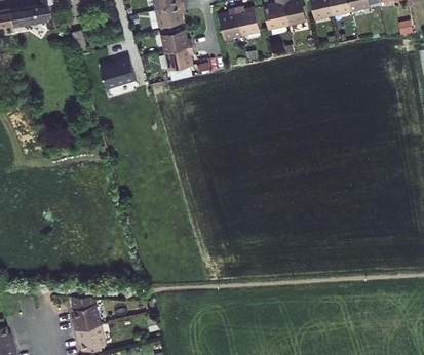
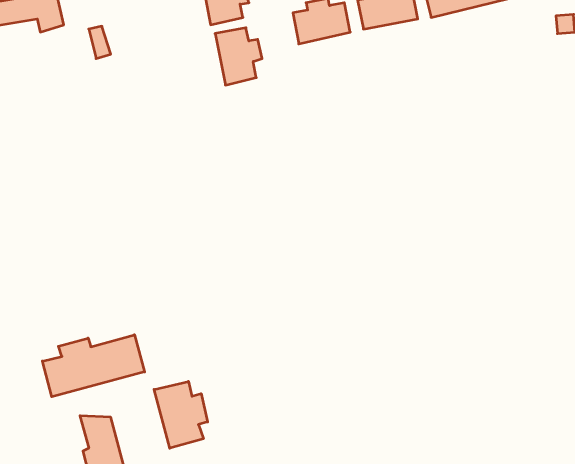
building: [102,54,138,85] -> none
building: none -> [42,335,145,397]
building: none -> [154,381,208,448]

